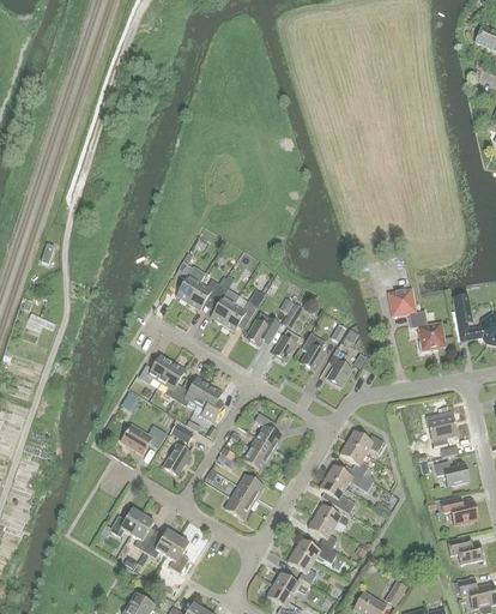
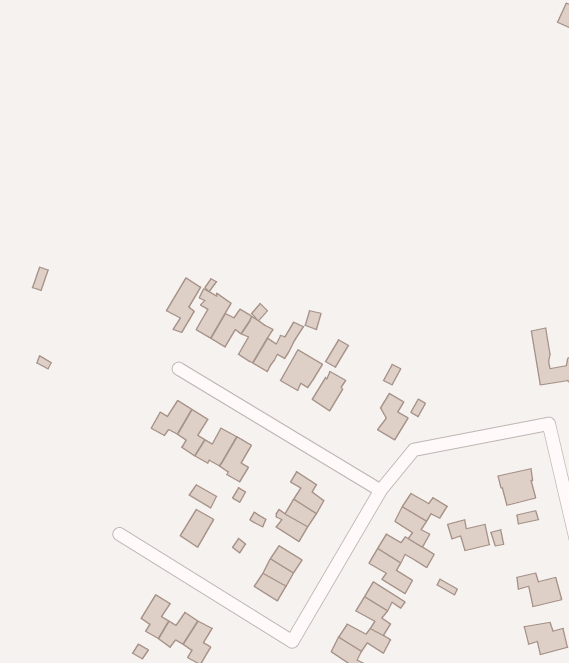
building: none -> [167,278,201,332]
building: [388,288,446,351] -> none
building: [300,332,325,371] -> none
building: [121,425,167,453] -> none
building: [434,459,468,484] -> [448,520,490,550]
building: [101,507,143,536] -> none

